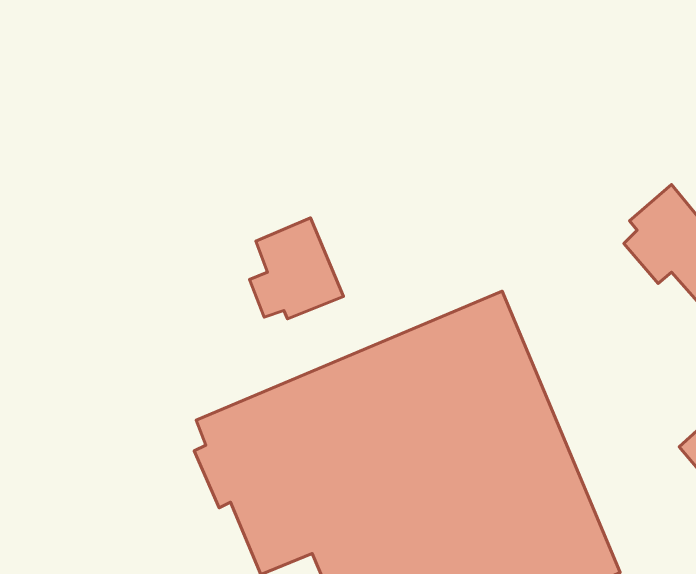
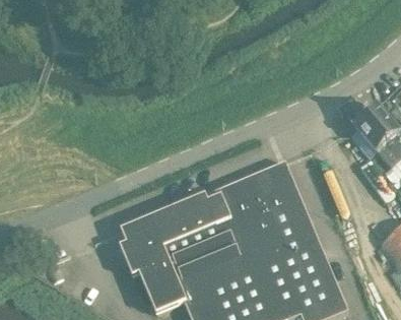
building: [250,218,343,319] -> none

